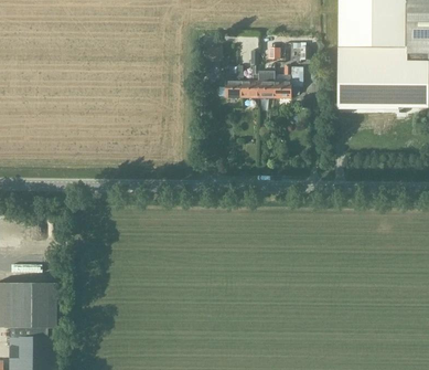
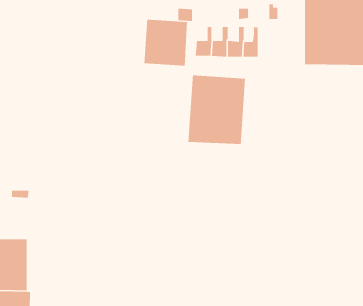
building: none -> [144,19,188,66]
building: none -> [188,75,246,145]

